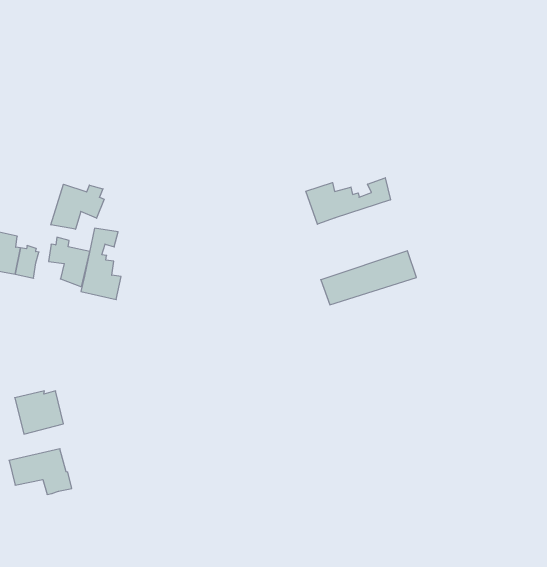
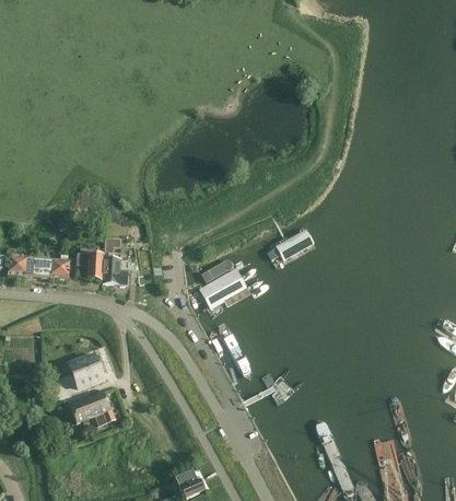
building: [306,178,390,224] -> none
building: [51,184,104,229] -> none
building: none -> [198,267,252,307]

